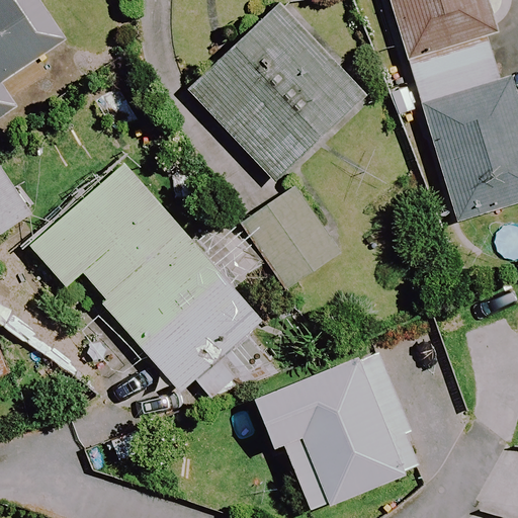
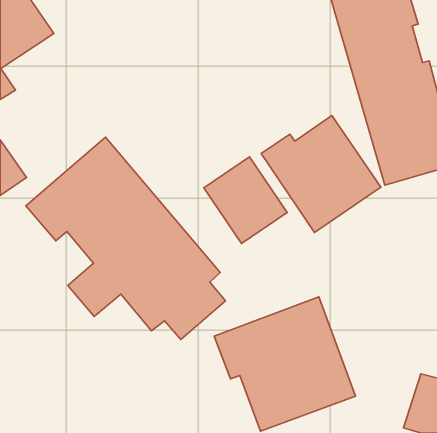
building: [188,4,363,179] -> none
building: none -> [261,116,381,232]

